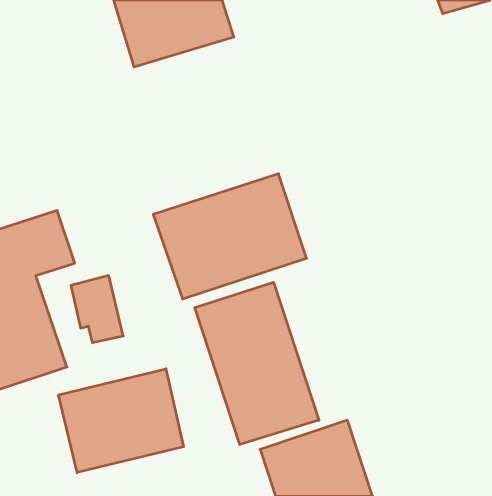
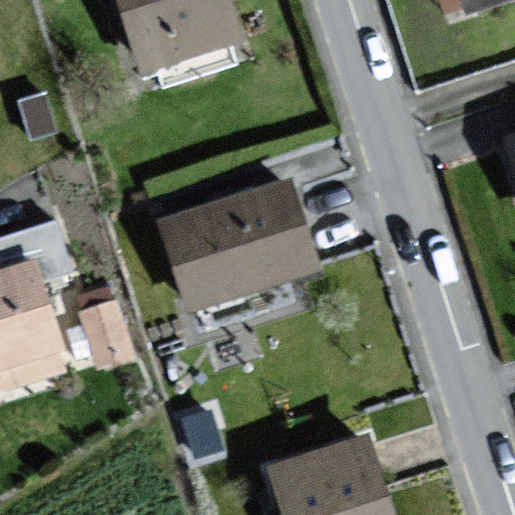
building: [195,282,319,445] -> none
building: [59,369,184,473] -> none

